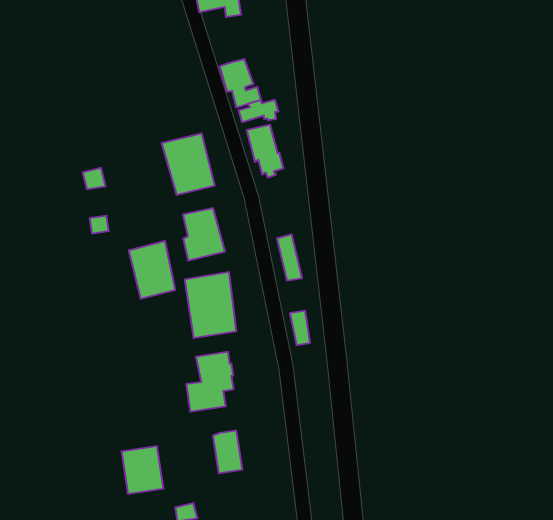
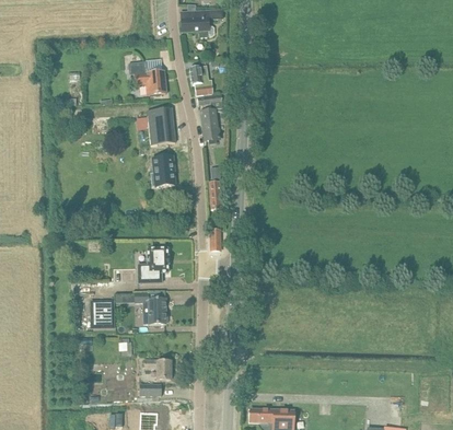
building: none -> [128,60,165,93]
building: [129,241,175,299] -> none
building: [185,272,236,338] -> none

